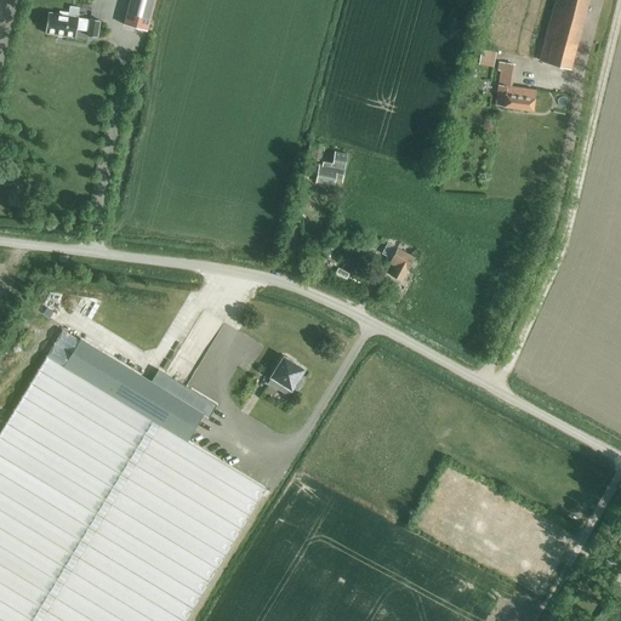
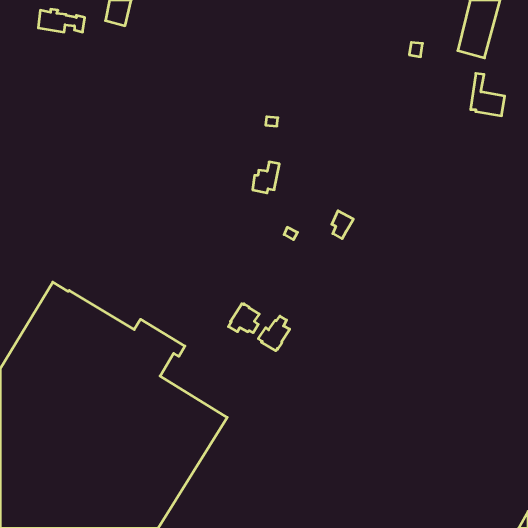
building: [495,62,535,112] -> [471,73,505,116]
building: [317,149,348,186] -> [253,162,279,193]
building: none -> [258,316,290,351]

